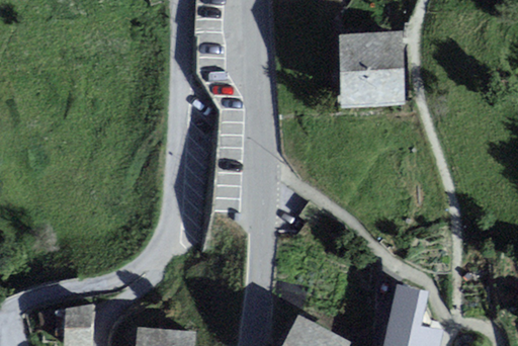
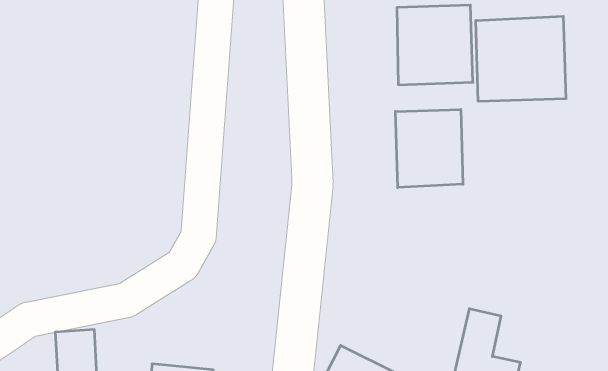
building: none -> [476,16,566,101]
building: none -> [395,109,463,188]

